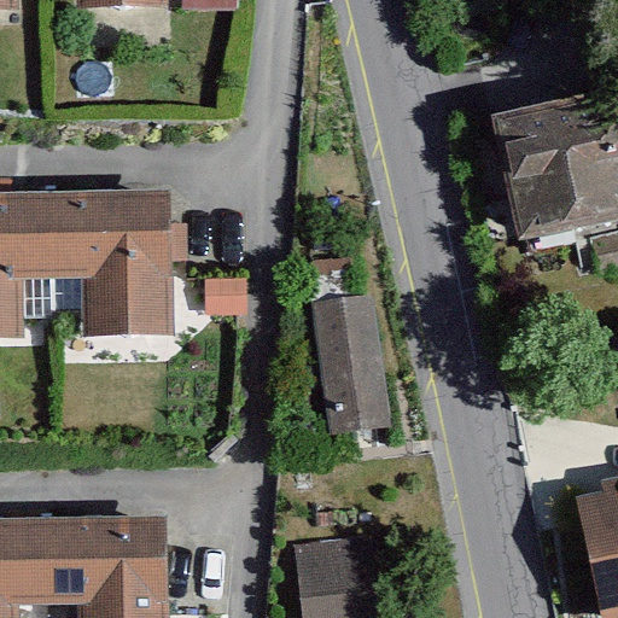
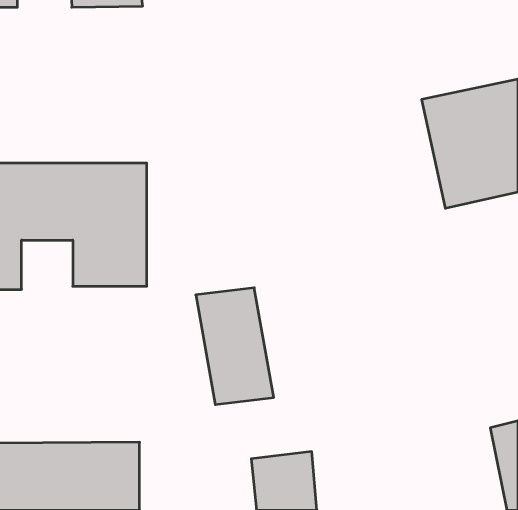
building: [305,293,397,431] -> [196,288,274,405]

